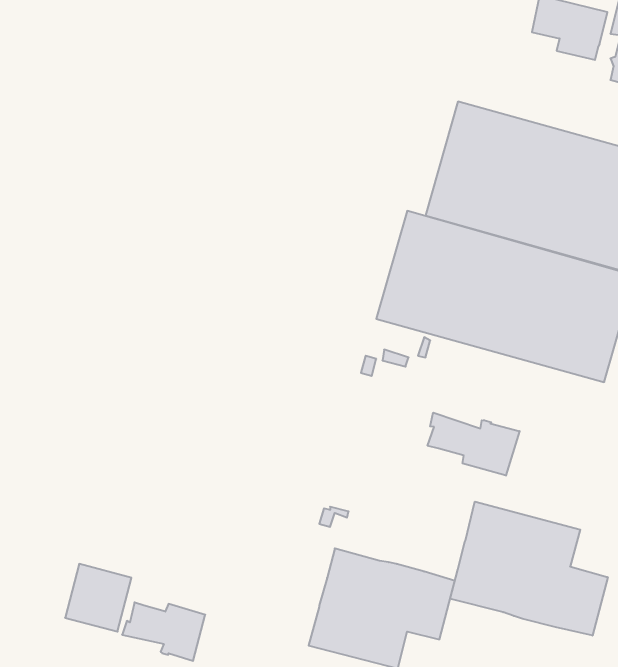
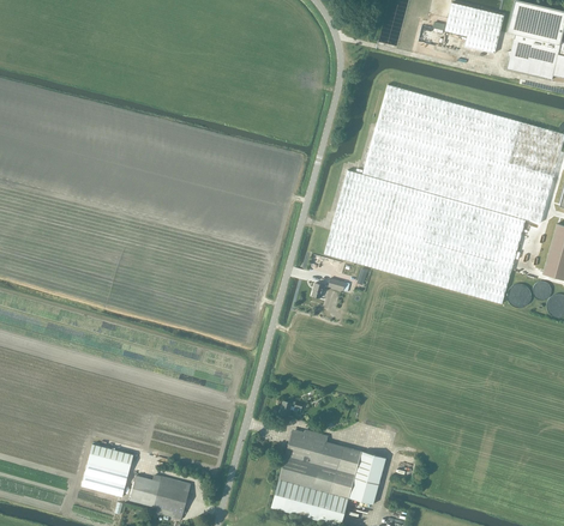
building: [428,413,520,476] -> none
building: [450,502,608,636] -> none

